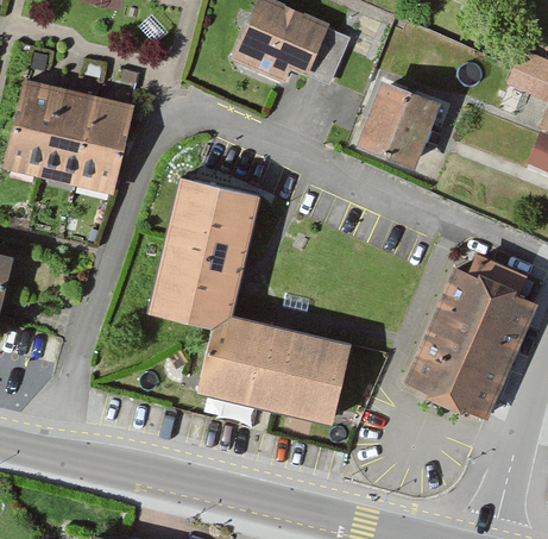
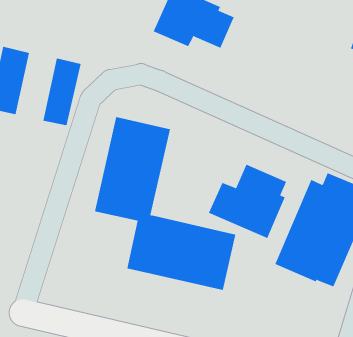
building: [359,82,440,167] -> none
building: [43,89,99,184] -> none
building: none -> [208,164,287,239]

